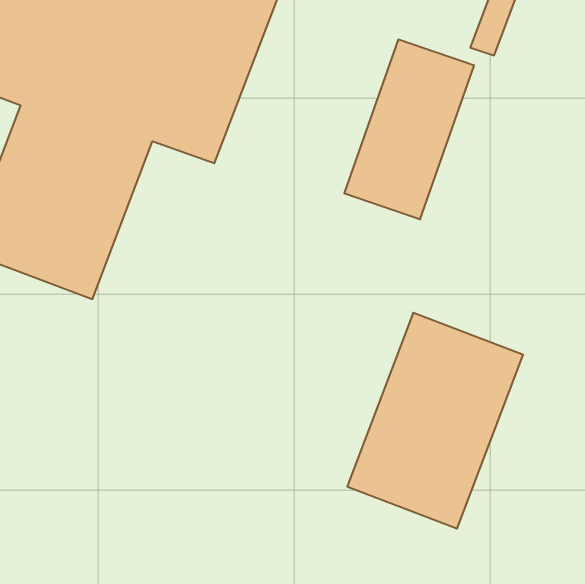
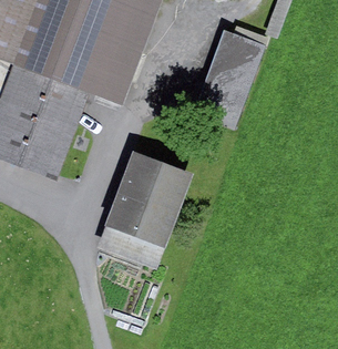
building: [347,313,523,529] -> [96,150,194,269]

